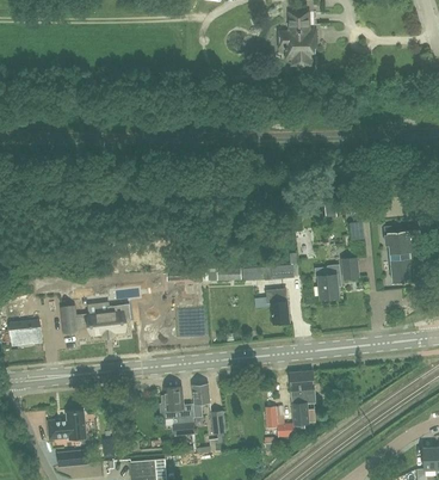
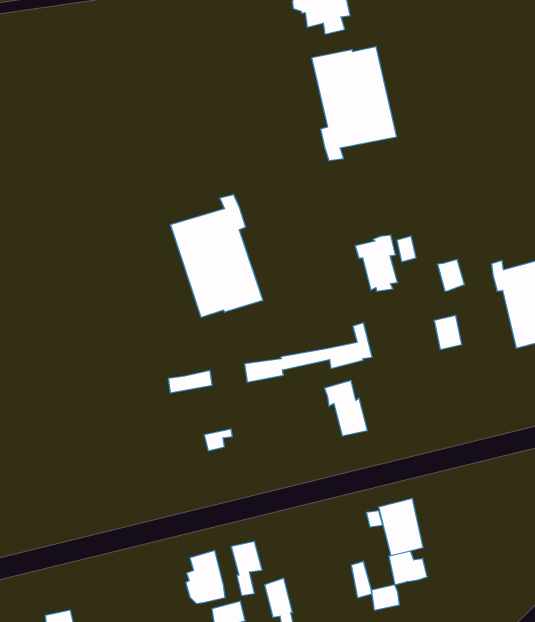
building: none -> [312,46,397,161]
building: none -> [171,194,263,317]
building: [314,265,339,300] -> [355,235,398,291]
building: [60,303,130,337] -> none

